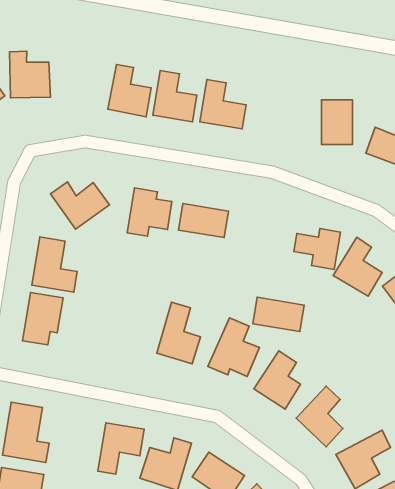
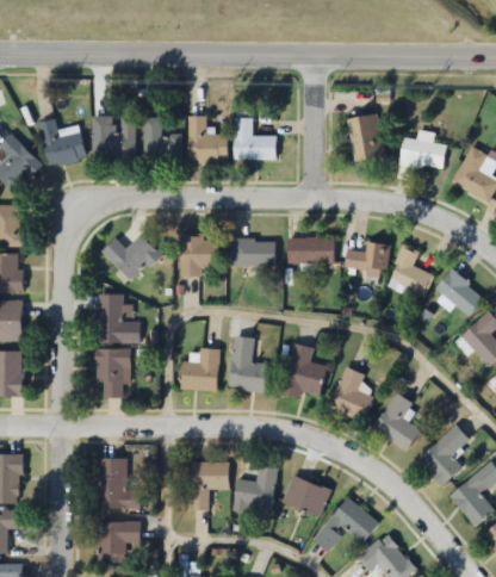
building: none -> [93,116,135,160]
building: [253,297,304,332] -> [287,237,334,263]
building: none -> [180,348,218,390]

